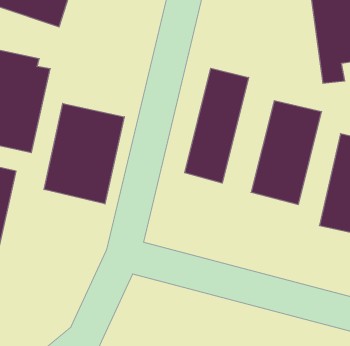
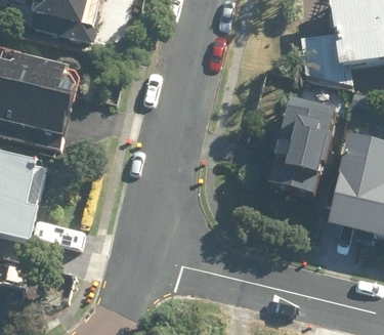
building: [185,68,249,183] -> none
building: [44,103,124,204] -> none

